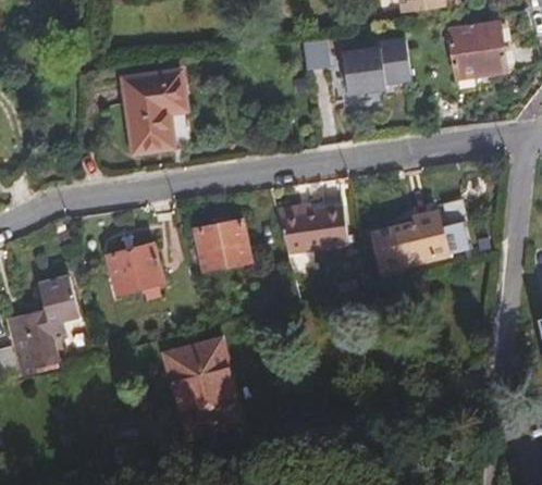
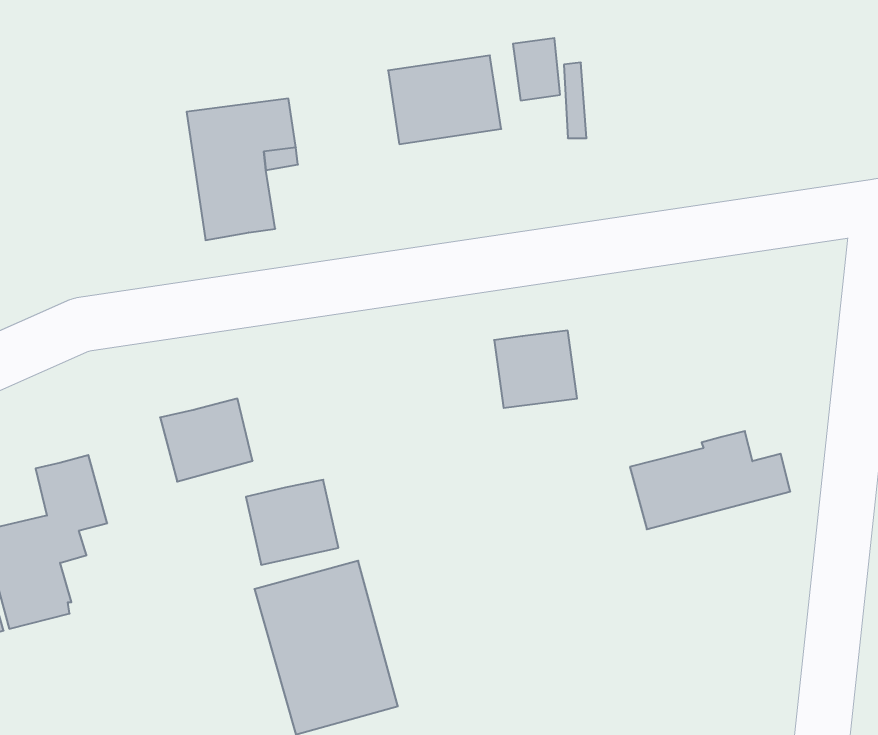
building: [448,21,506,76] -> none
building: [355,37,420,88] -> [388,55,501,144]
building: [369,211,461,268] -> [630,431,790,529]
building: [197,220,250,269] -> [246,480,338,565]

